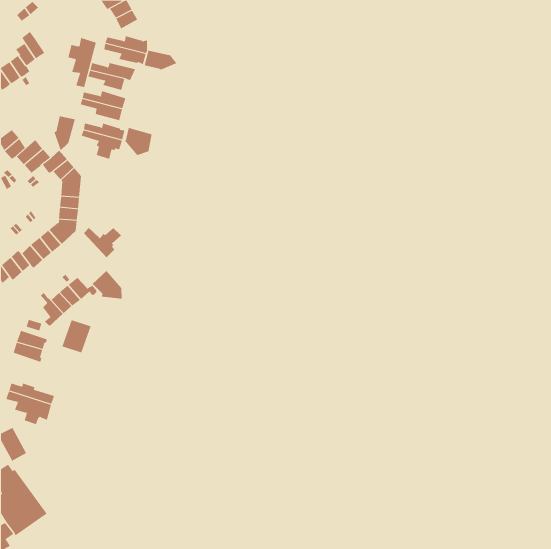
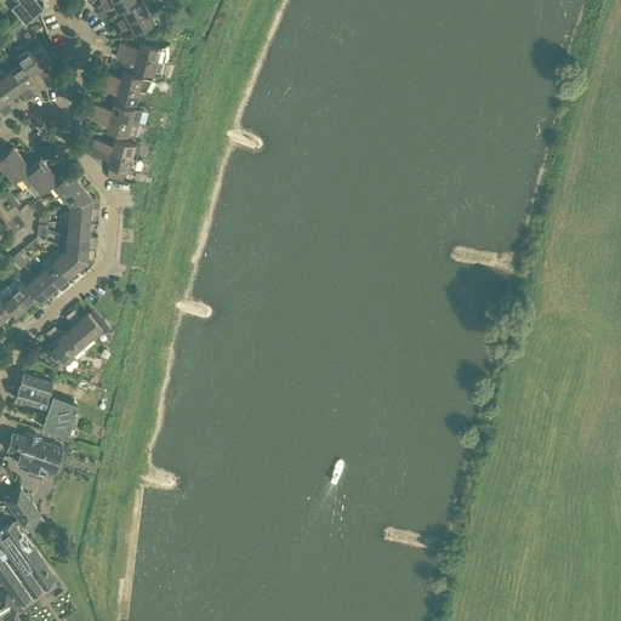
building: [68,37,96,88] -> none
building: [144,50,177,71] -> none
building: [54,115,75,151] -> none
building: [124,127,152,156] -> none
building: [83,227,122,258] -> none
building: [92,270,122,300] -> none
building: [61,320,92,353] -> [42,398,76,435]

